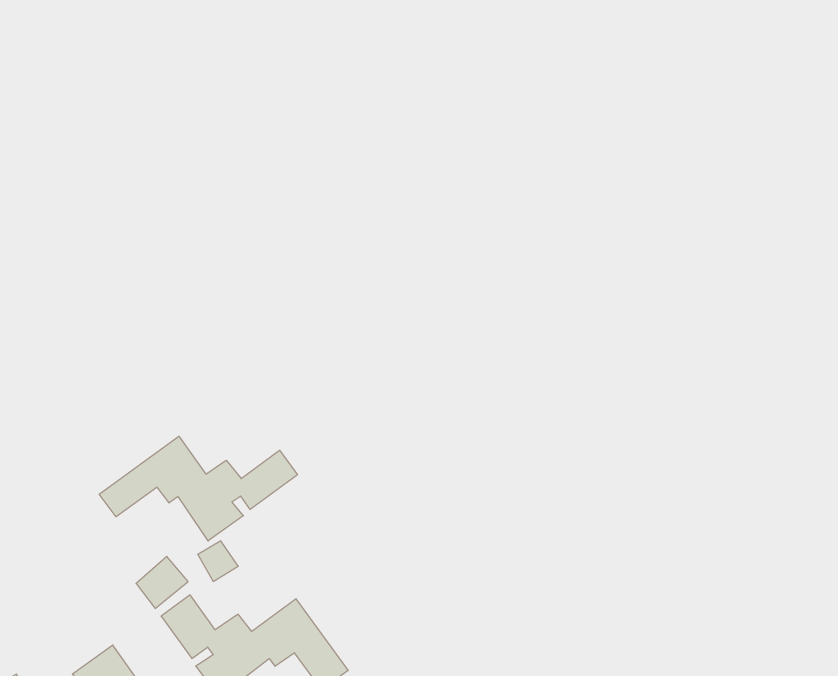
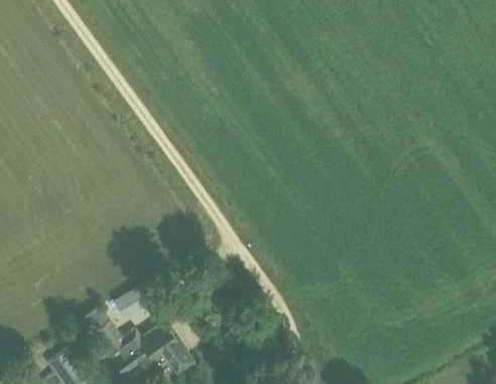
building: [99,436,297,541] -> none

